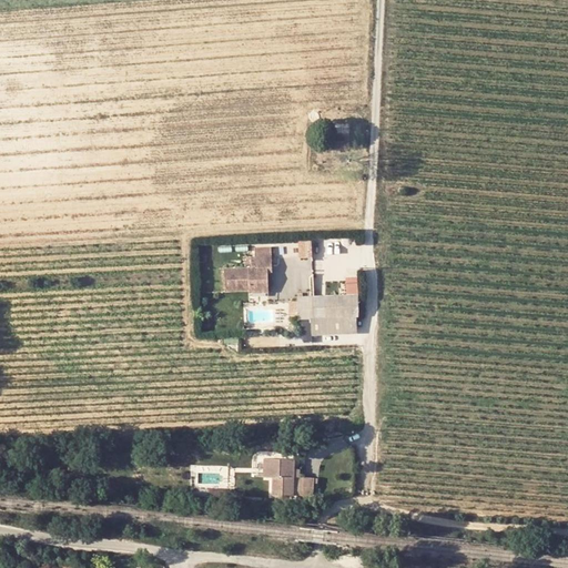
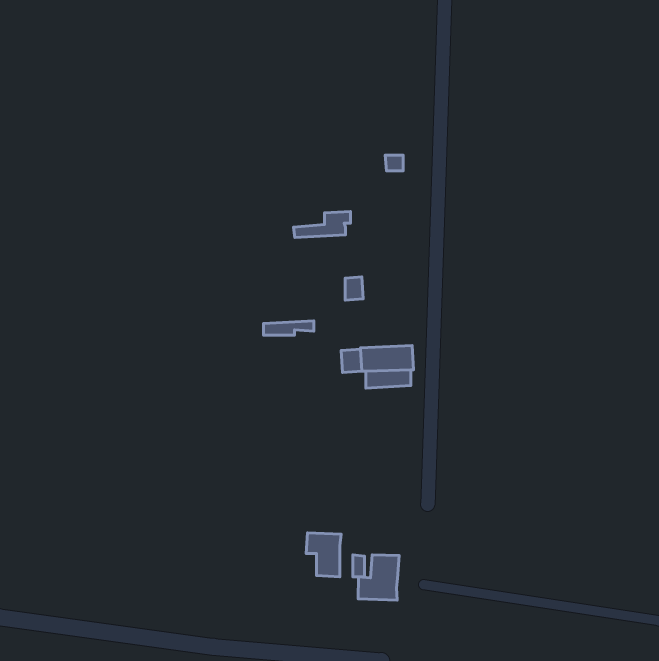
building: [225,255,274,277] -> [294,212,351,237]
building: none -> [358,555,399,600]

